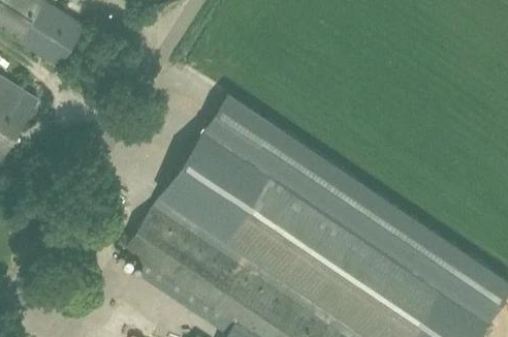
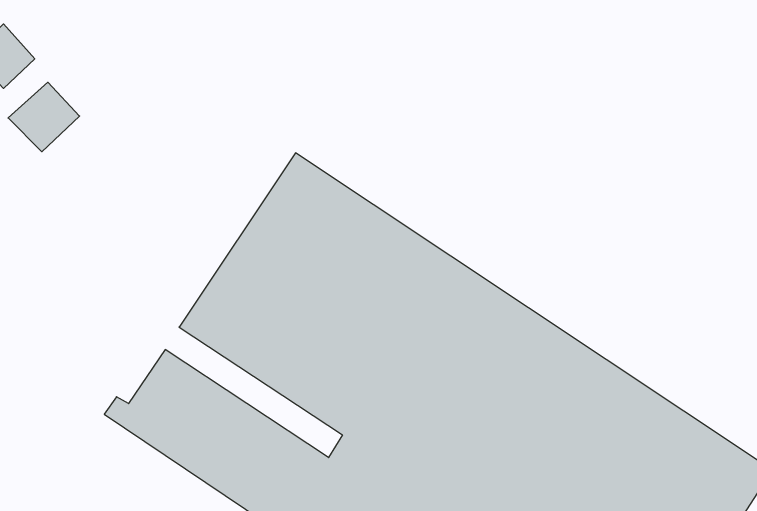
building: none -> [8,82,80,152]

